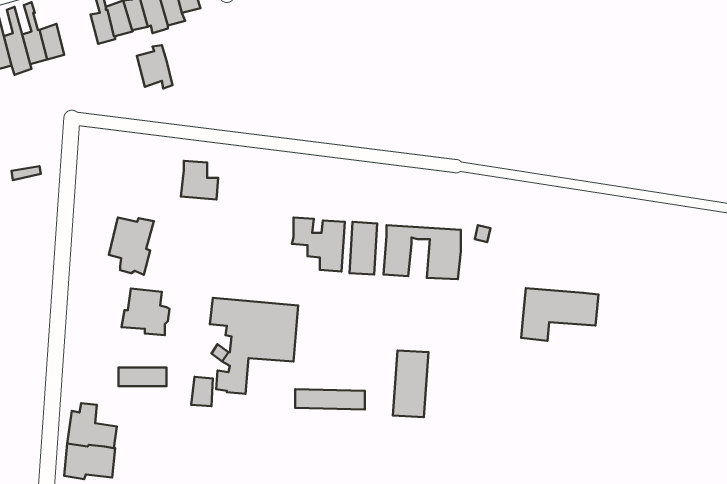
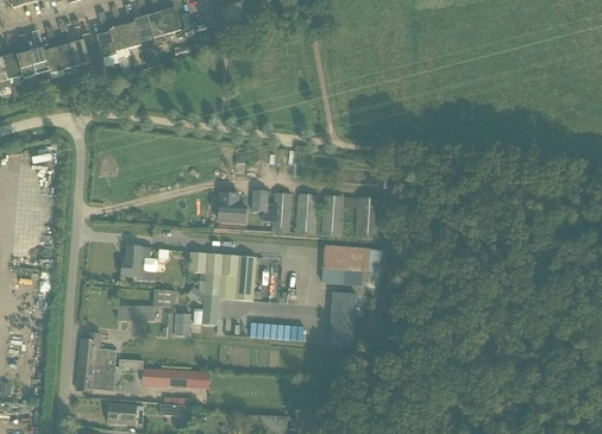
building: [137,45,173,88] -> [70,32,98,65]
building: [181,161,218,200] -> [218,191,246,221]
building: [109,217,154,275] -> none
building: [521,288,599,341] -> [322,243,382,283]
building: none -> [153,369,189,386]

